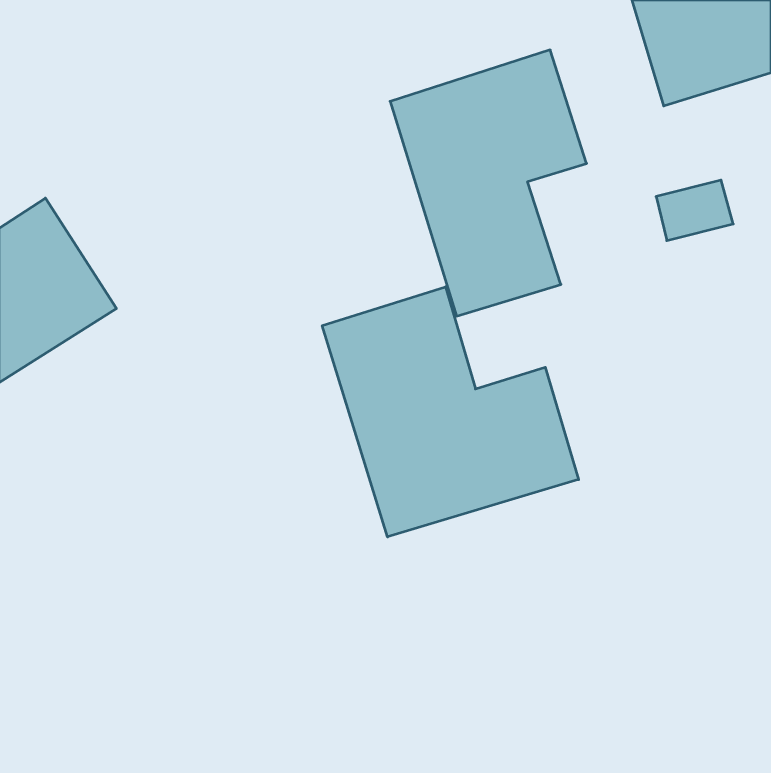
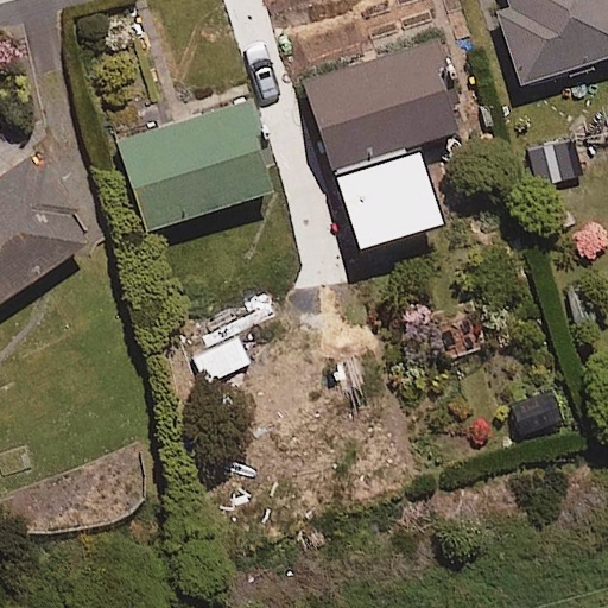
building: none -> [116,101,276,232]
building: [322,287,579,537] -> none

